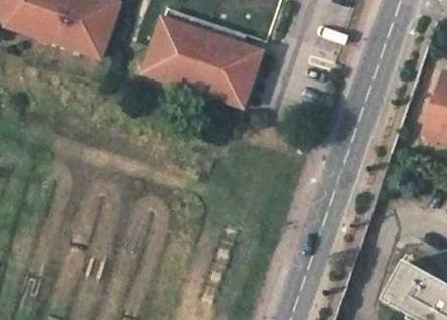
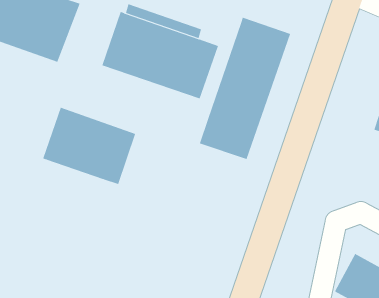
building: none -> [199,17,291,160]
building: none -> [42,107,136,185]

